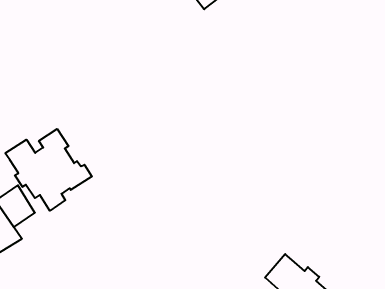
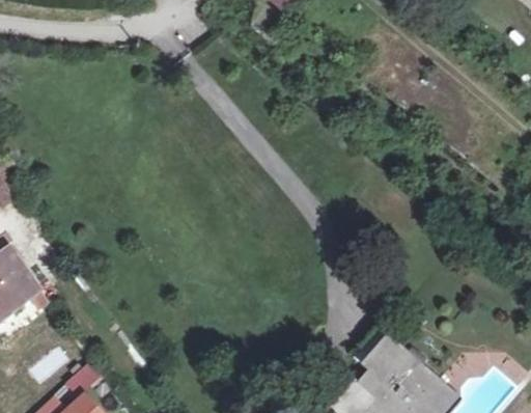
building: [5,129,92,211] -> none

